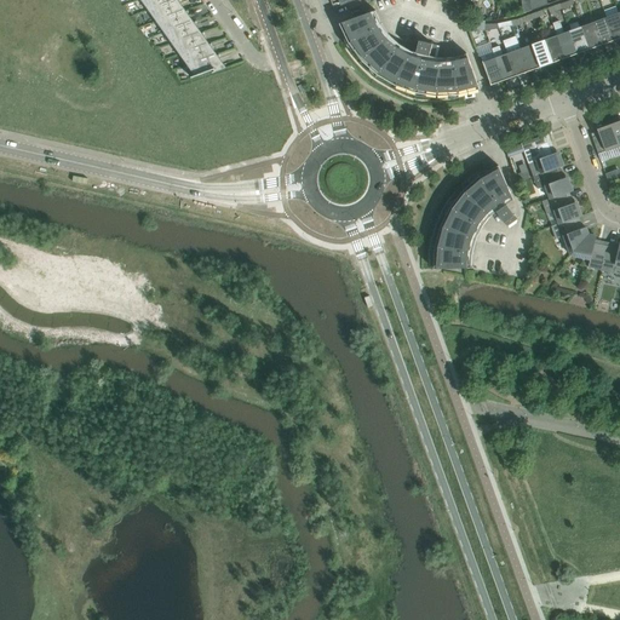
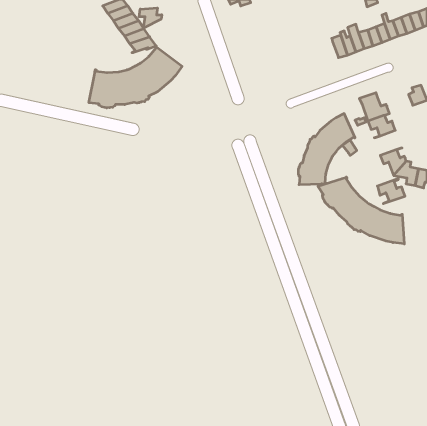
building: [339,10,480,94] -> none
building: none -> [139,8,162,28]
building: none -> [89,46,182,108]
building: [542,189,582,225] -> [377,179,405,204]
building: none -> [318,177,404,244]

